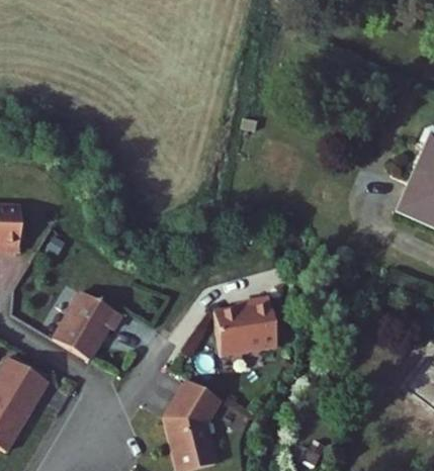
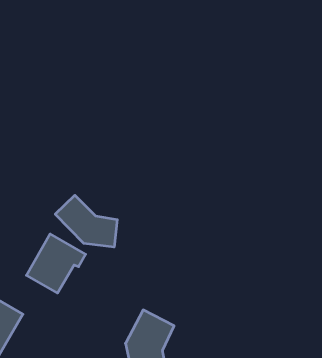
building: none -> [55,195,117,247]
building: [211,292,275,351] -> none

